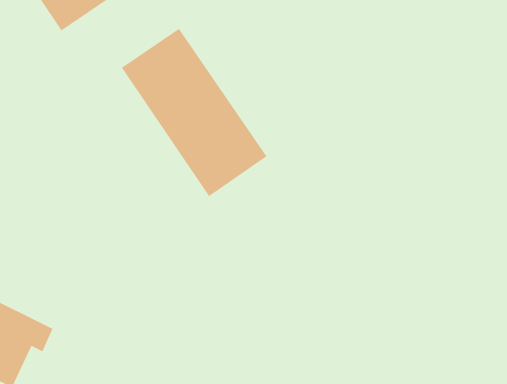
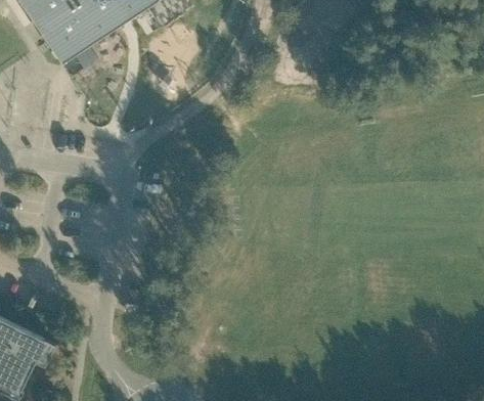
building: [121,28,267,197] -> none

